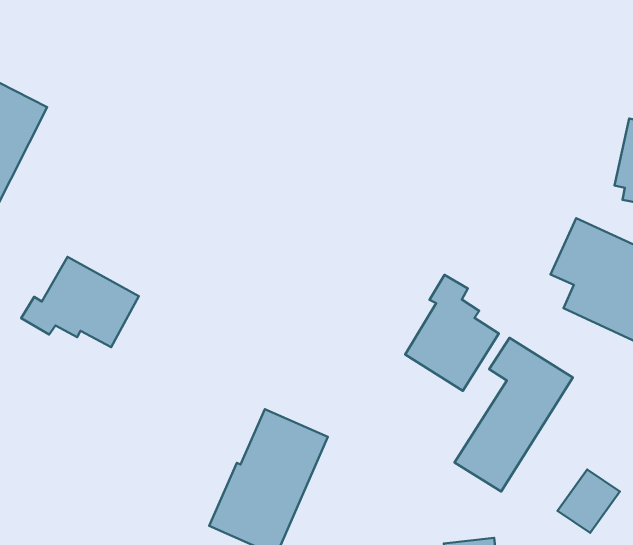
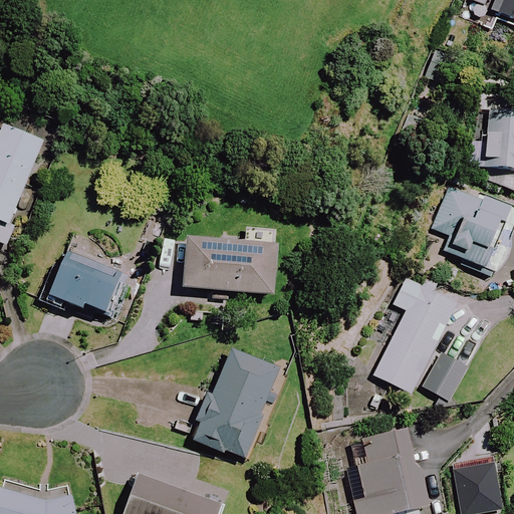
building: none -> [185,227,278,295]
building: [405,275,499,391] -> none
building: [557,470,620,533] -> [423,353,468,401]

